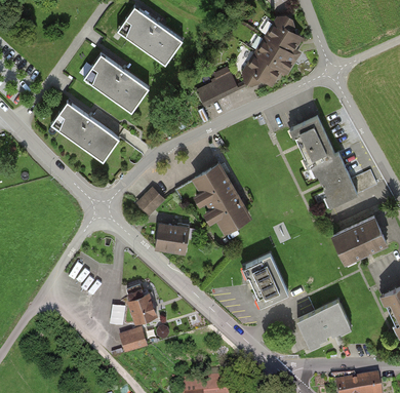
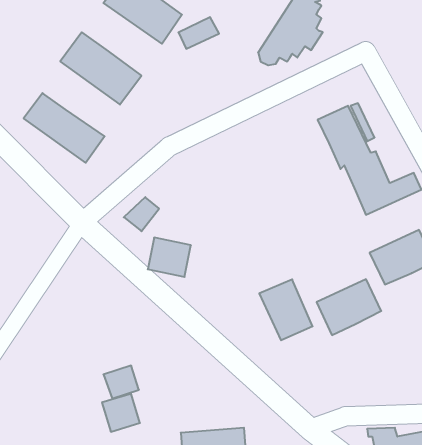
building: [197,77,230,103] -> [178,17,219,49]
building: [193,165,247,233] -> none
building: [125,293,156,324] -> [102,394,140,432]
building: [298,300,351,345] -> [317,279,381,335]

